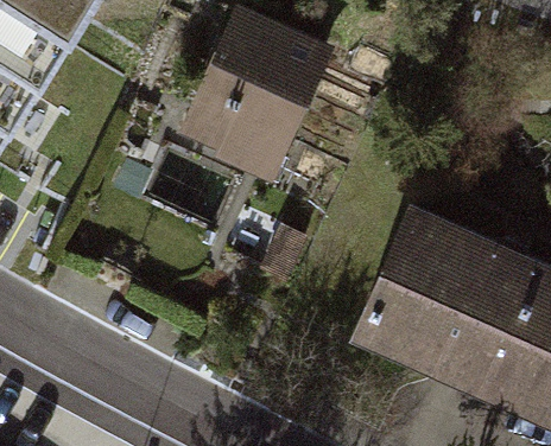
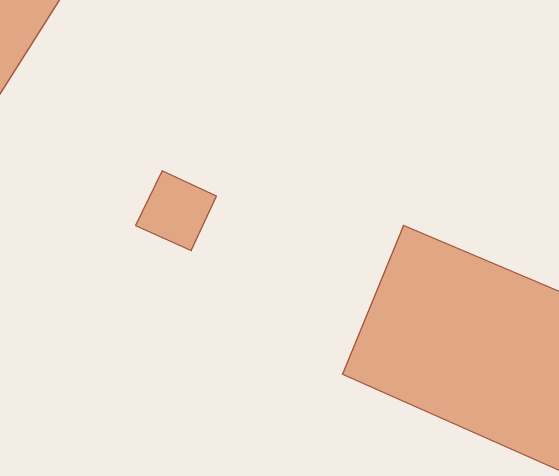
building: [176,9,335,181] -> none

